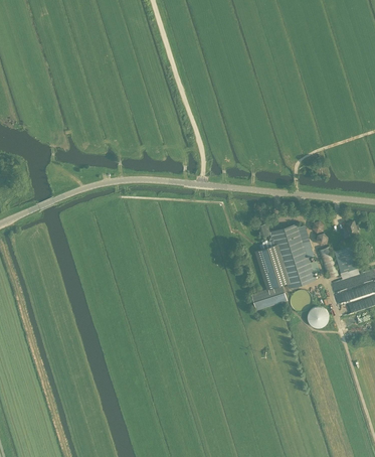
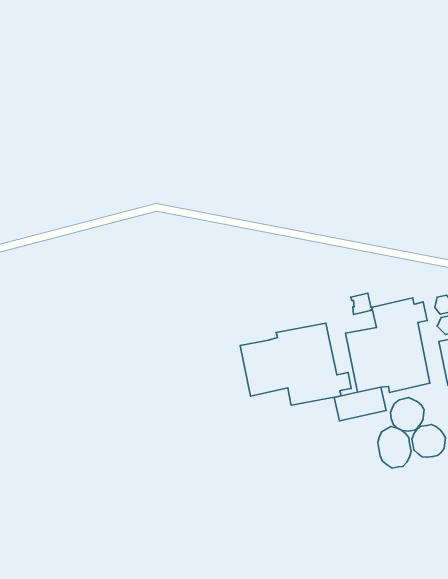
building: none -> [240,323,351,405]
building: none -> [378,427,411,468]

